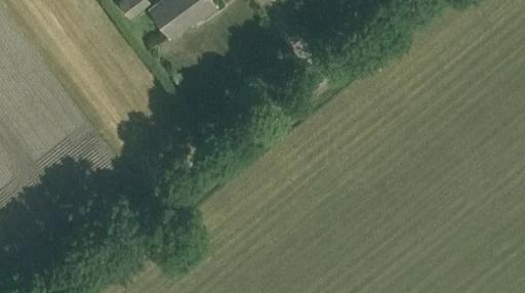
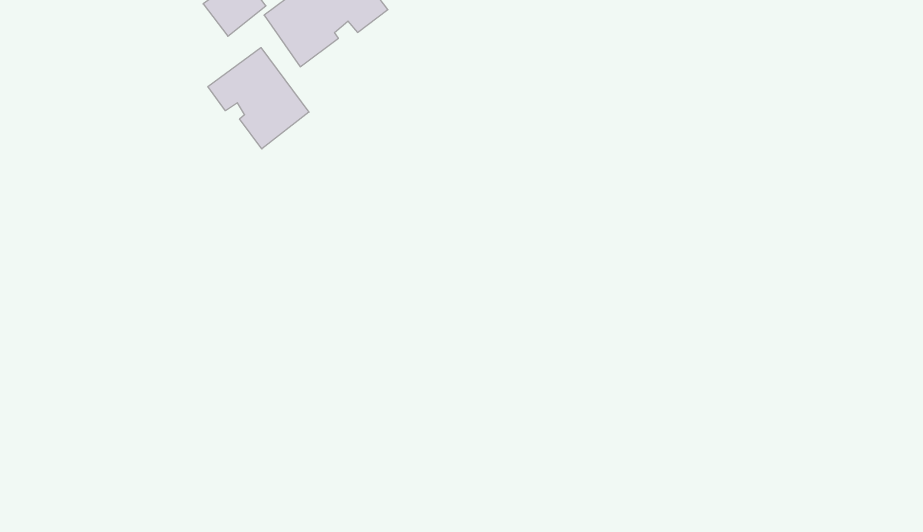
building: none -> [208,48,309,149]

